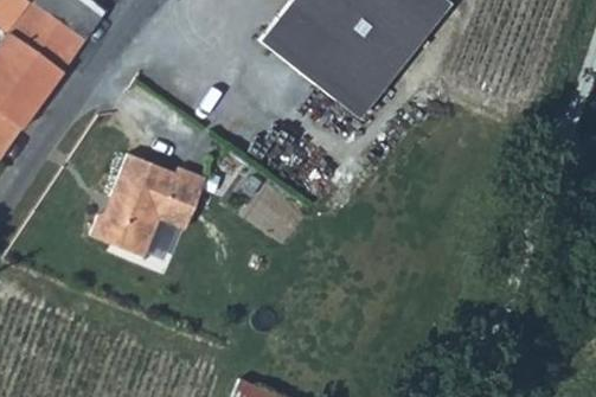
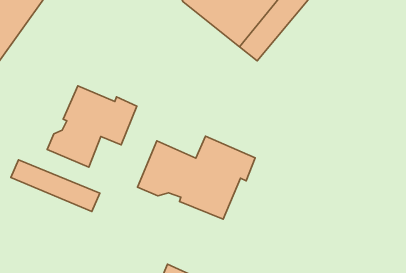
building: none -> [138,136,255,219]
building: none -> [11,160,100,212]

